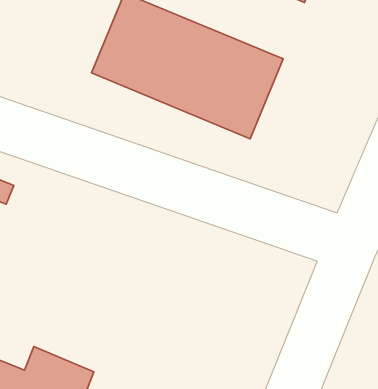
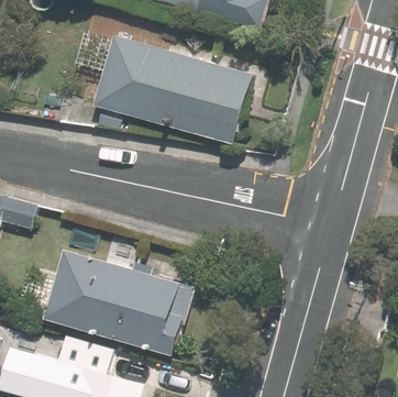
building: none -> [67,261,195,352]

